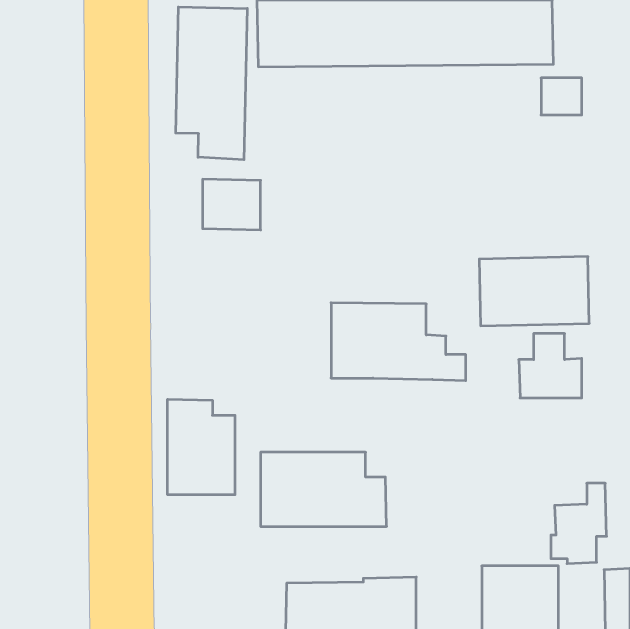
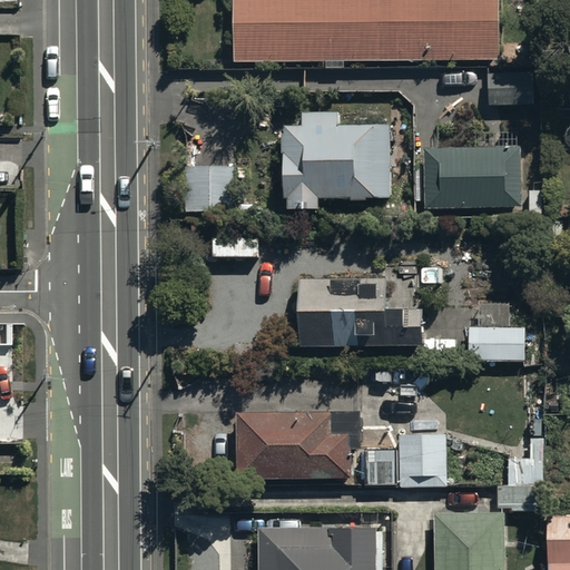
building: [176,7,247,160] -> none
building: none -> [282,110,391,196]
building: [479,257,589,326] -> [423,146,522,208]
building: [168,399,235,495] -> none
building: none -> [364,433,445,487]

